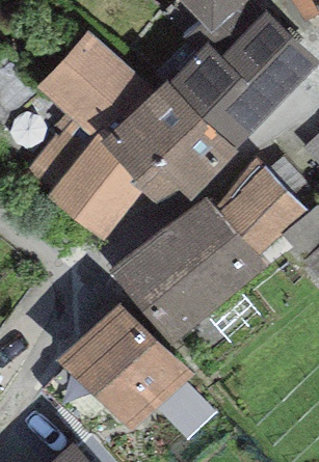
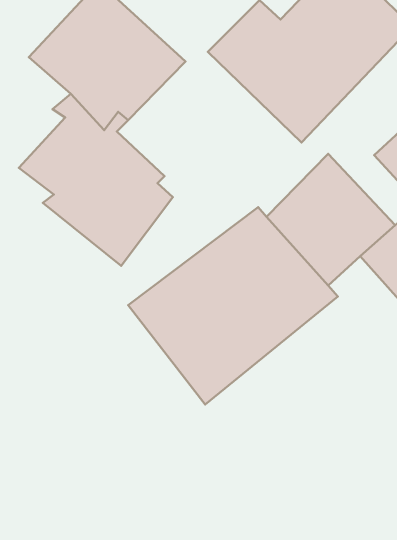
building: [102,77,239,206] -> none
building: [57,303,194,431] -> none

